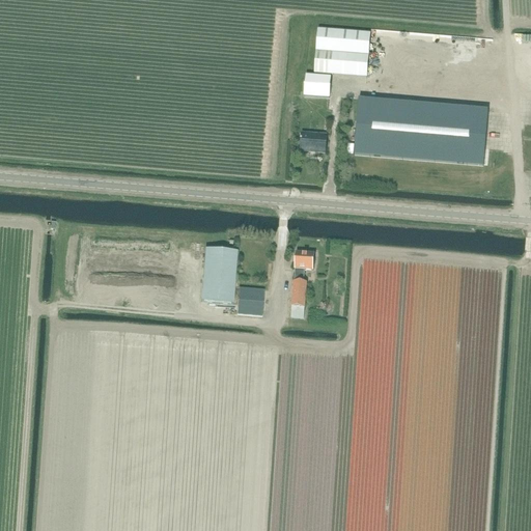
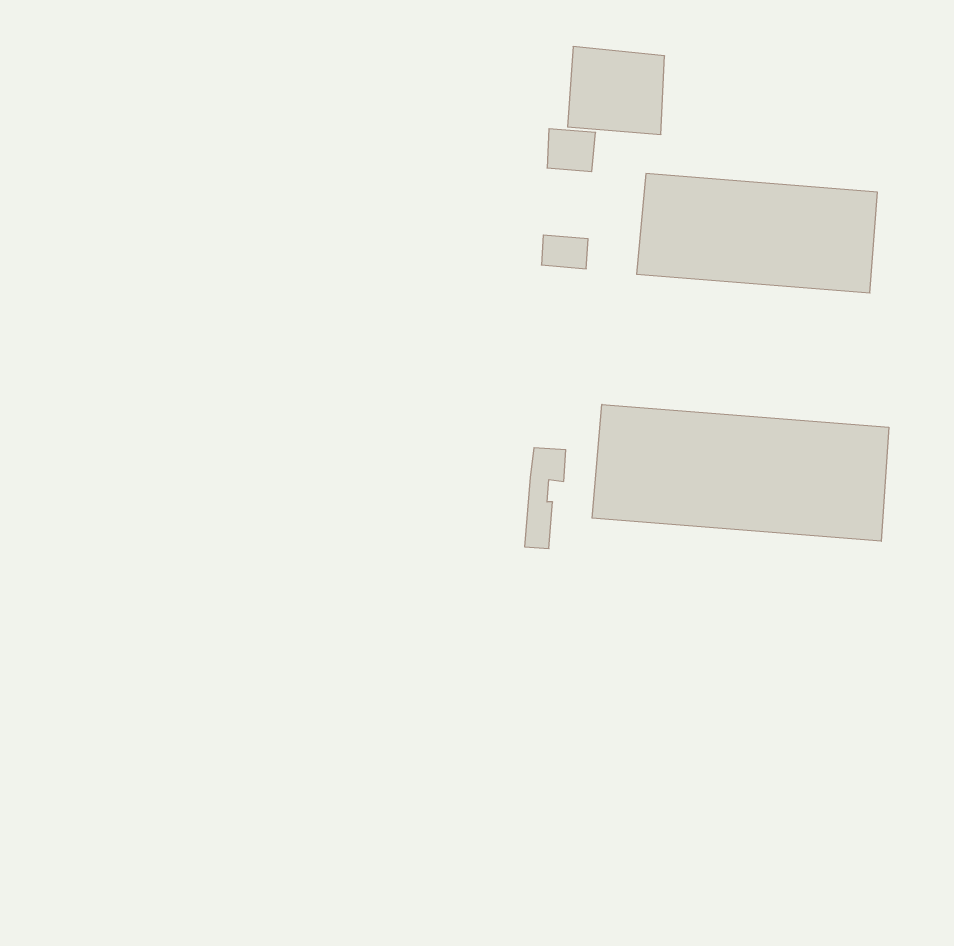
building: none -> [592,404,889,541]
building: [200,246,236,301] -> none
building: [236,285,263,314] -> none

